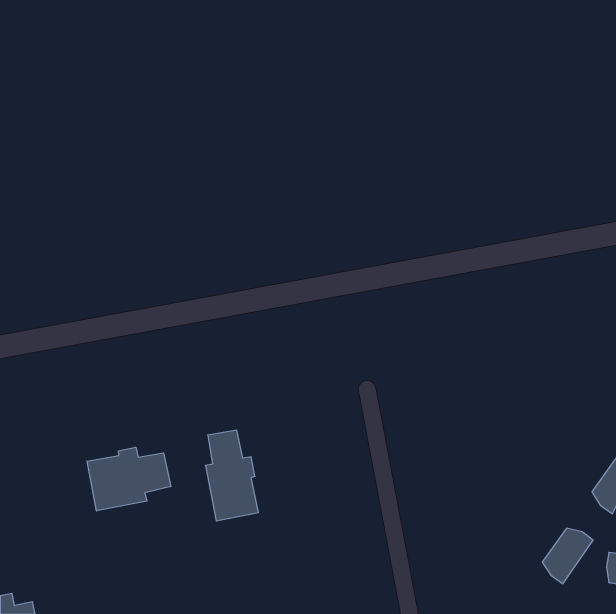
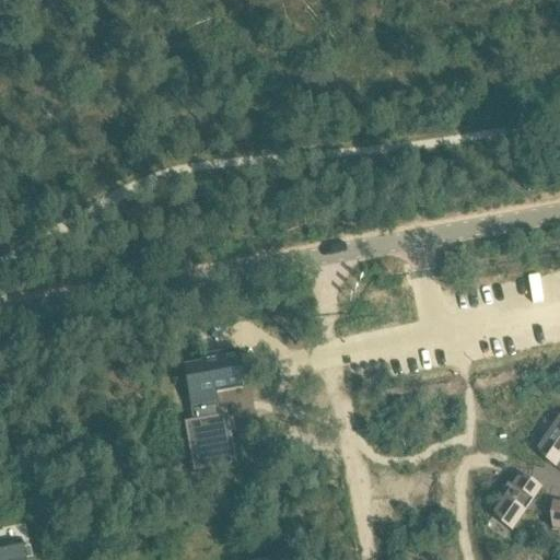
building: none -> [184,349,245,394]
building: [87,447,171,511] -> none

